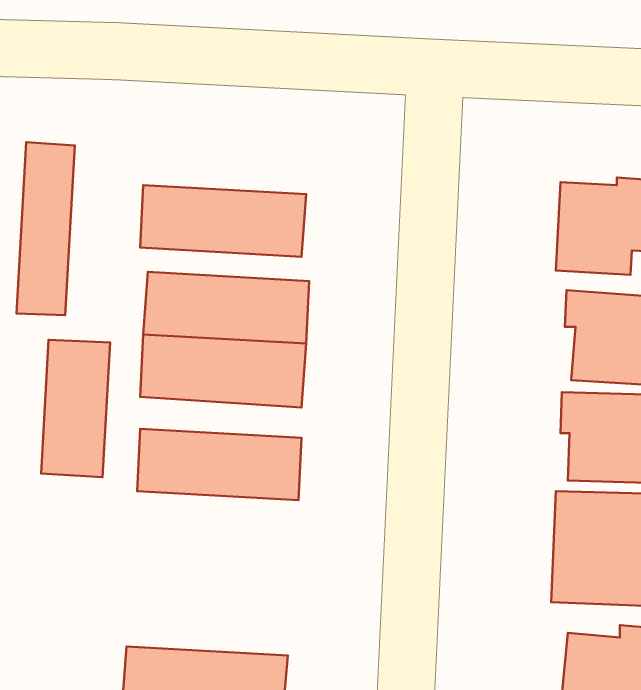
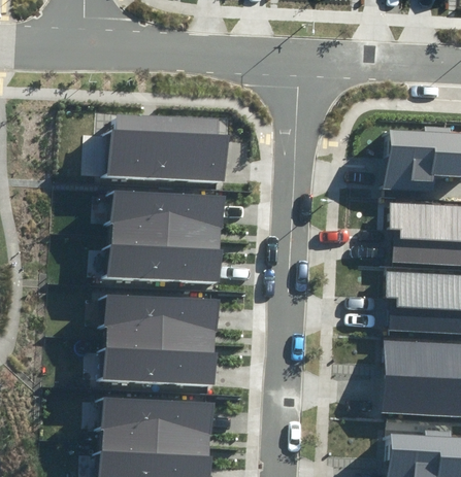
building: [17,142,75,315] -> none
building: [41,340,110,477] -> none
building: none -> [100,338,212,386]
building: none -> [96,401,207,449]

